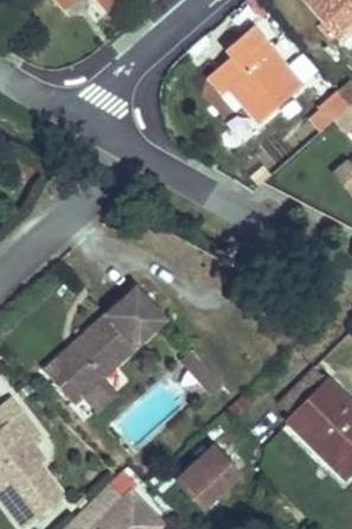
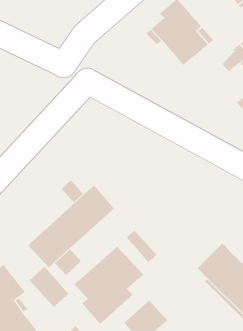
building: none -> [74,246,144,325]
building: none -> [29,266,70,308]

